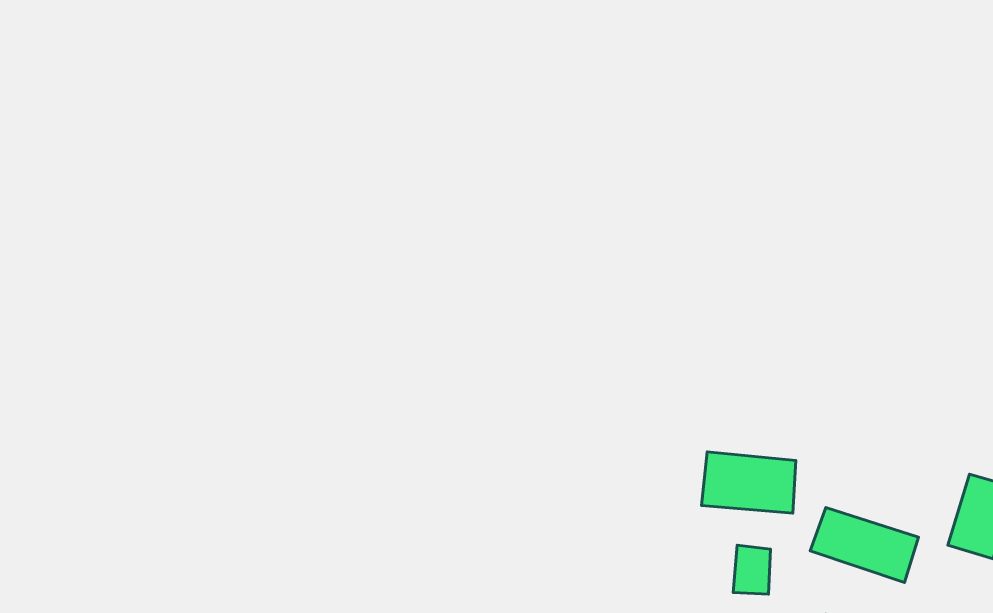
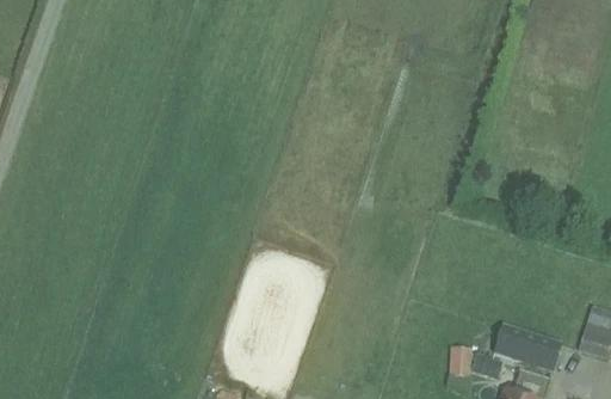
building: [702,452,796,513] -> none

